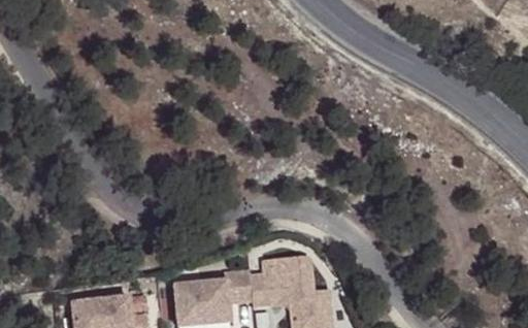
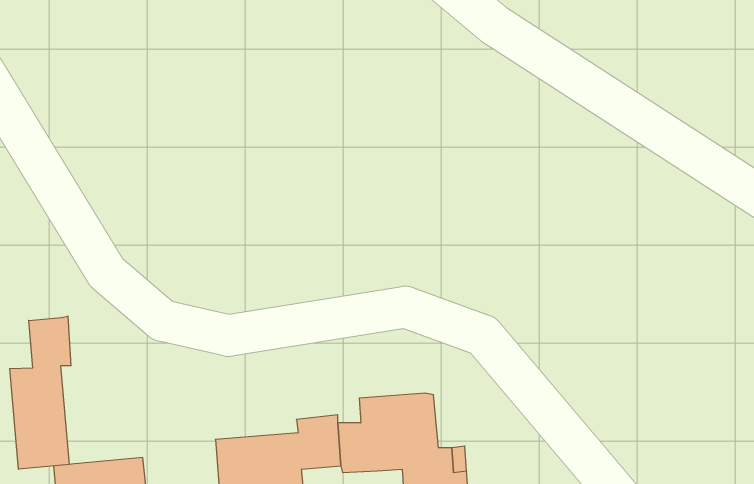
building: none -> [10,316,71,469]

